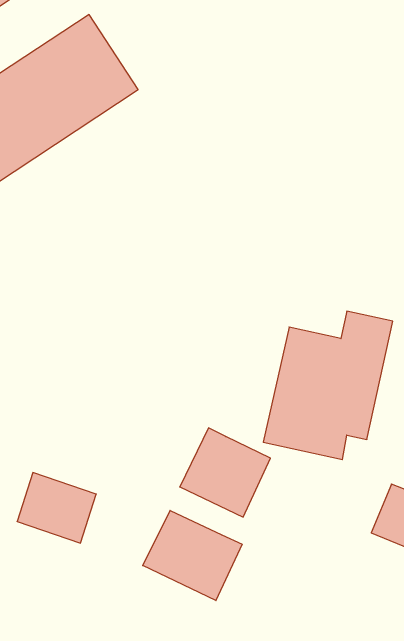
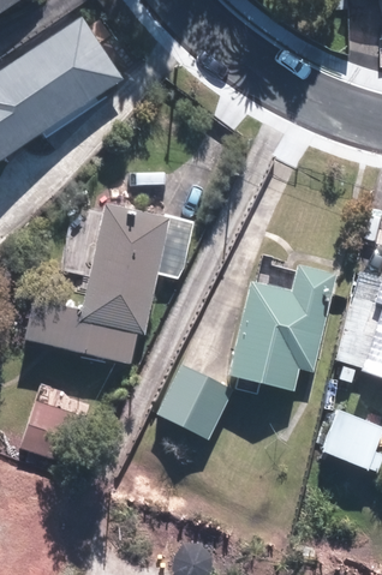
building: none -> [24,204,193,361]
building: [143,510,242,601] -> none

